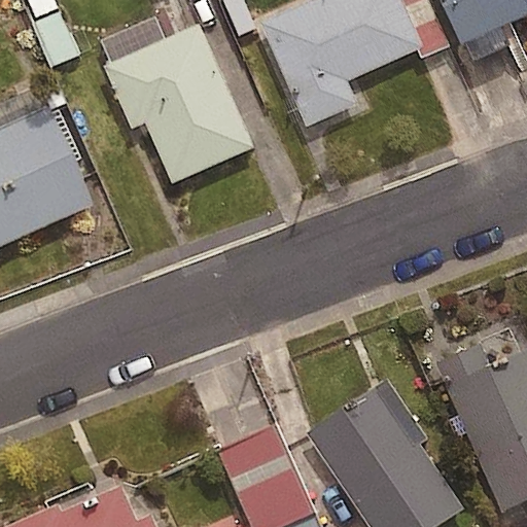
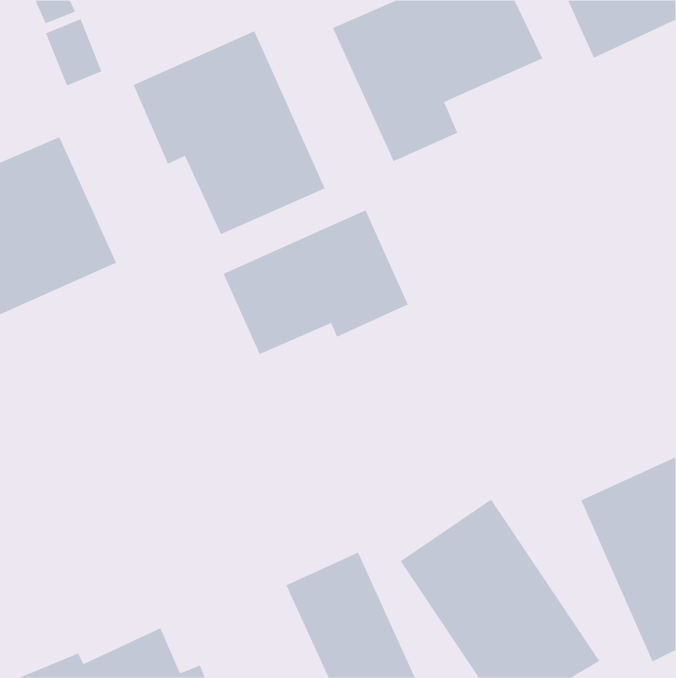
building: none -> [223,210,408,355]

